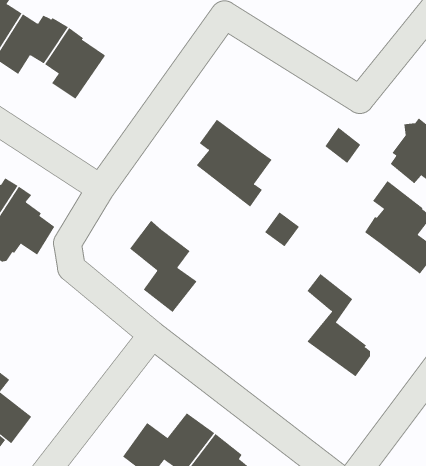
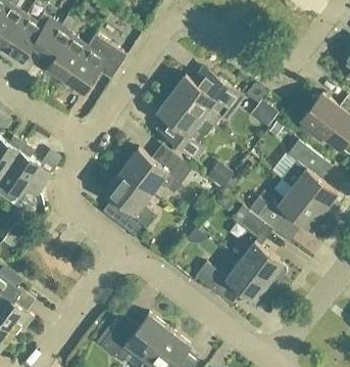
building: none -> [64,35,126,92]
building: none -> [169,66,239,119]
building: none -> [120,148,192,194]
building: none -> [243,187,321,231]
building: none -> [194,261,273,303]

